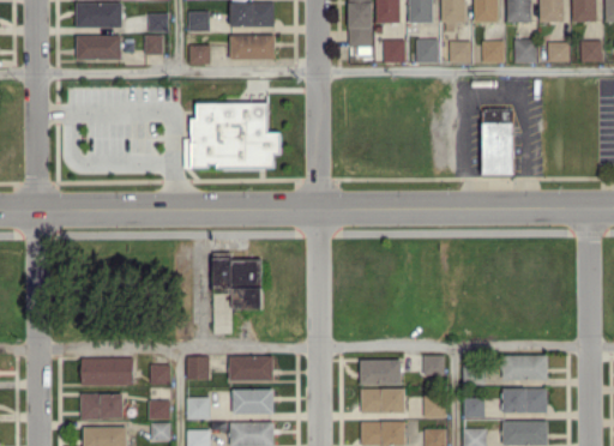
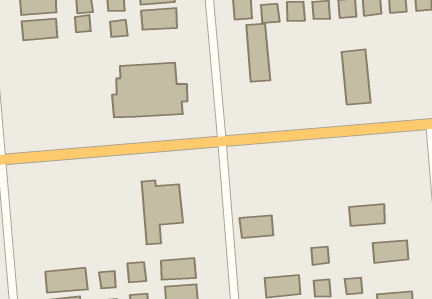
building: none -> [246,24,270,82]
building: [360,360,402,385] -> [239,216,273,238]
building: [502,388,548,412] -> [349,204,385,226]

